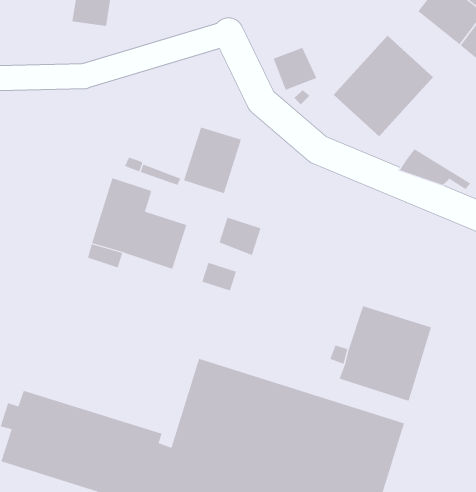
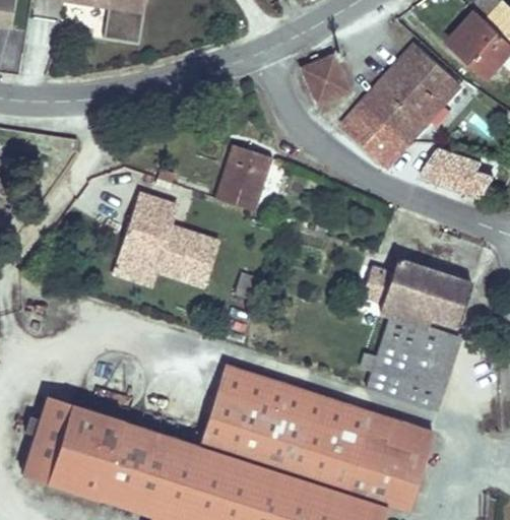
building: none -> [340,110,405,173]
building: [219,217,261,256] -> none
building: none -> [381,263,473,338]

